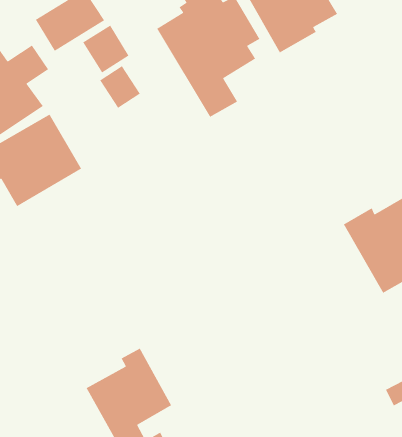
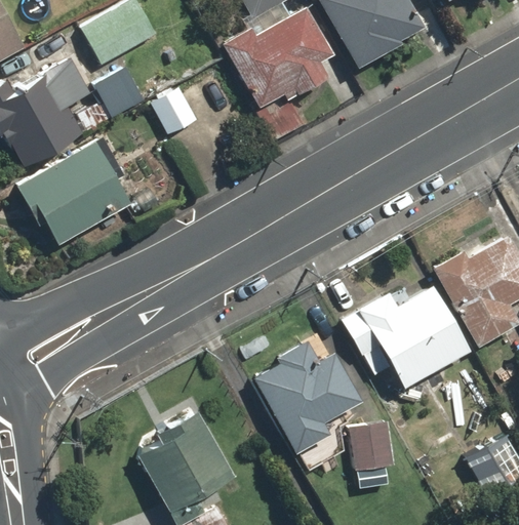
building: [82,24,129,74] -> [92,60,147,117]
building: none -> [343,283,471,388]
building: none -> [251,336,364,455]
building: none -> [351,422,399,471]

